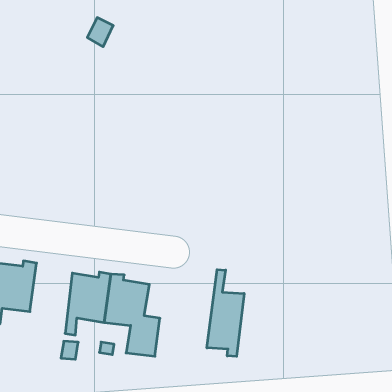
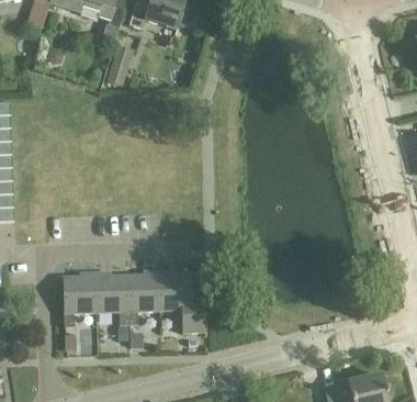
building: none -> [97,271,129,325]
building: [207,270,244,356] -> none

